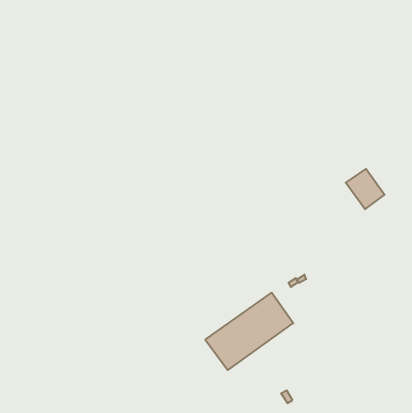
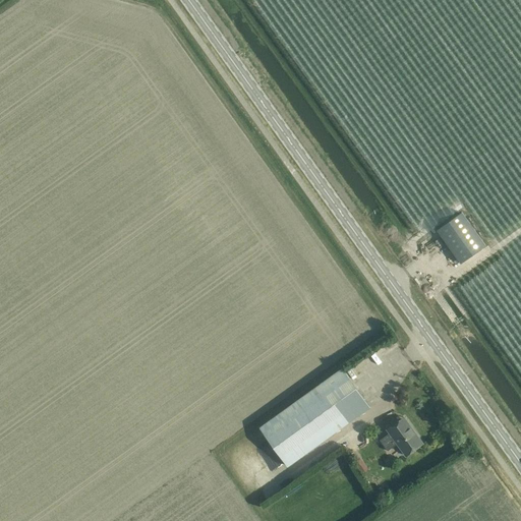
building: none -> [379,419,422,456]

